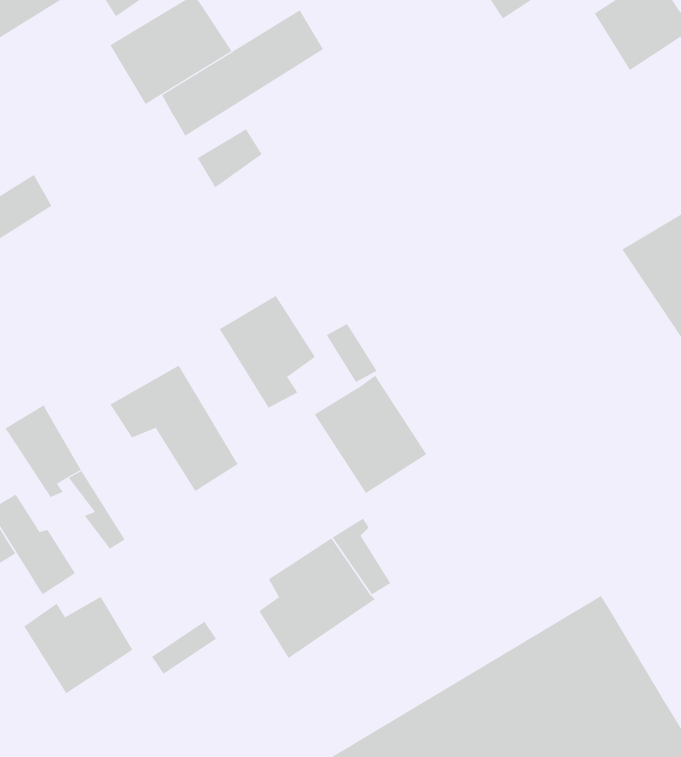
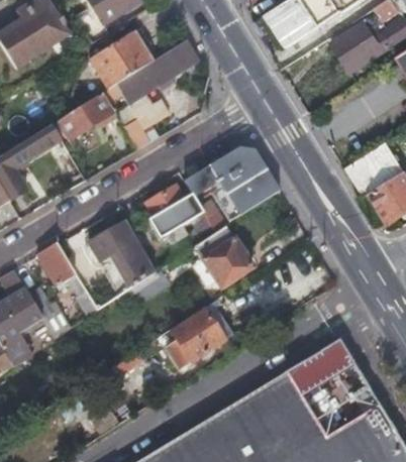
building: none -> [56,85,121,141]
building: none -> [183,149,279,220]
building: [23,596,133,694] -> none

